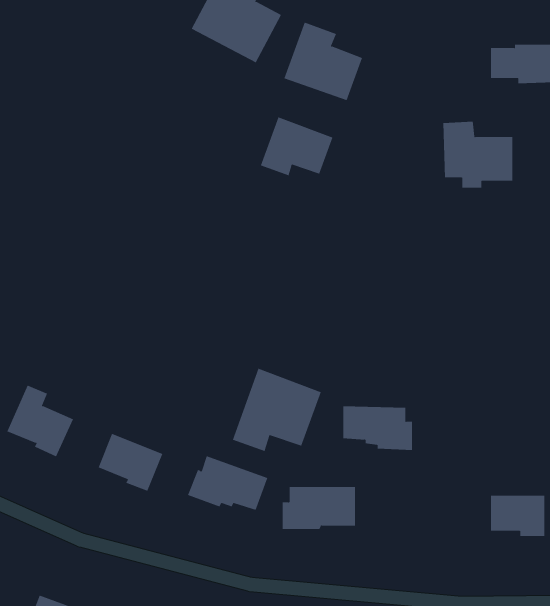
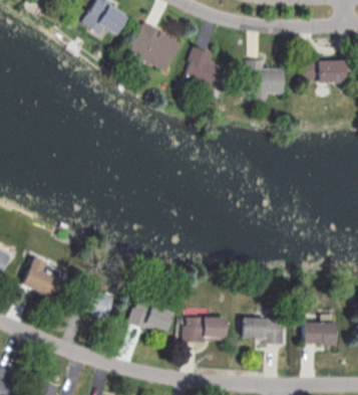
building: [260,117,333,176] -> none
building: [442,121,513,188] -> [245,58,286,97]
building: [232,368,321,452] -> none
building: [342,406,413,450] -> [242,319,283,345]

